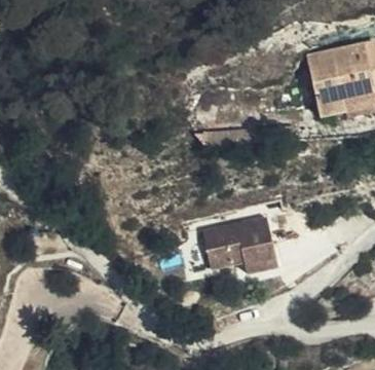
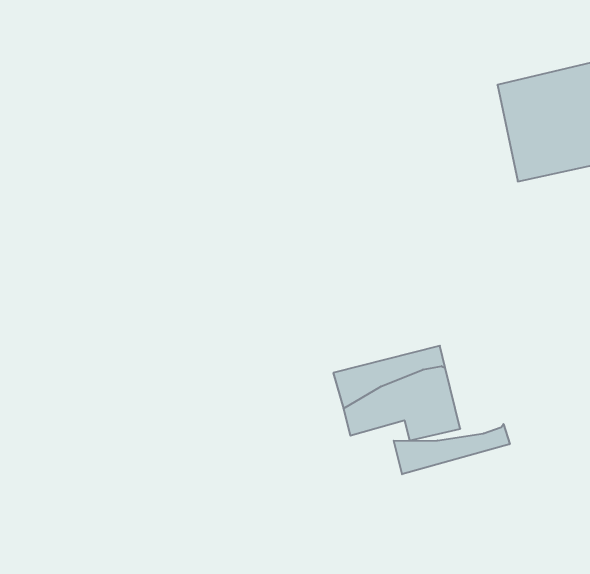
building: none -> [394,424,510,474]

